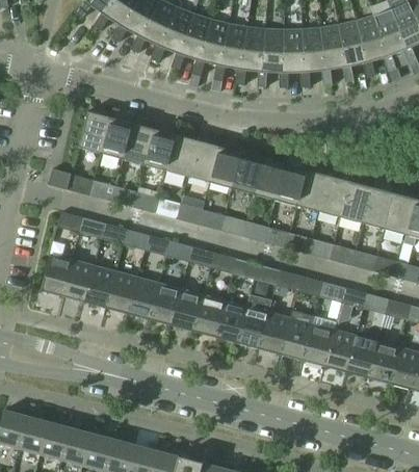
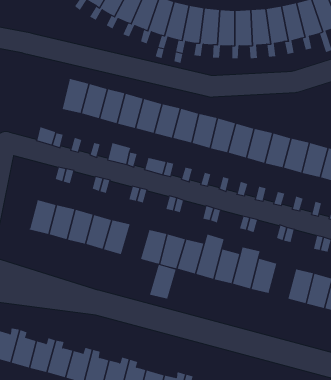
building: [150,284,182,325] -> [149,264,176,299]
building: [324,331,356,372] -> none

